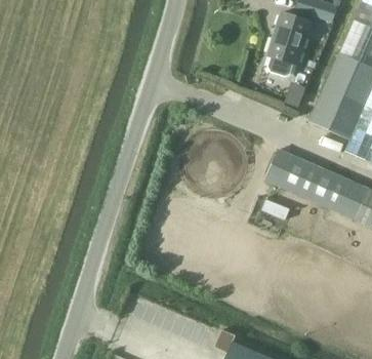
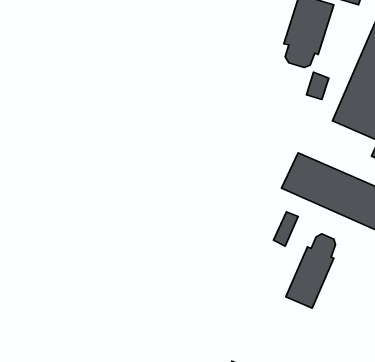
building: none -> [286,234,336,308]

